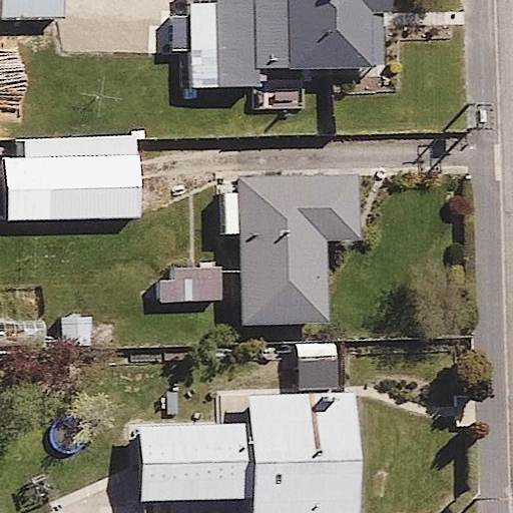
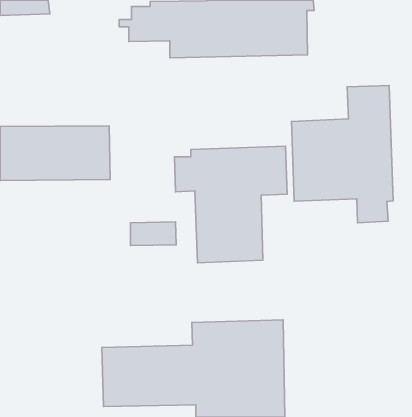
building: none -> [292,85,393,223]

